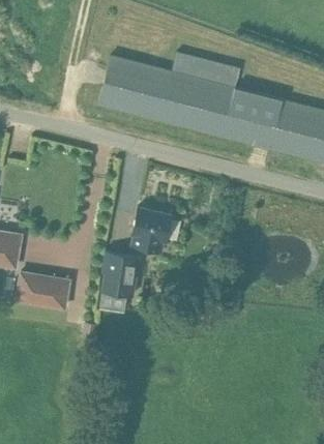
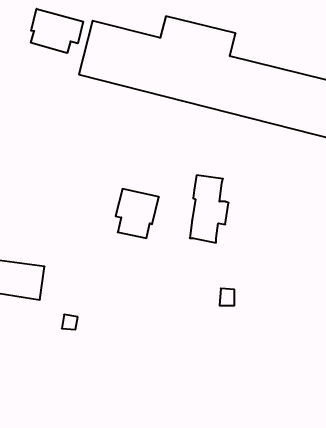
building: none -> [31,9,83,53]
building: [101,251,137,313] -> [190,175,229,243]

